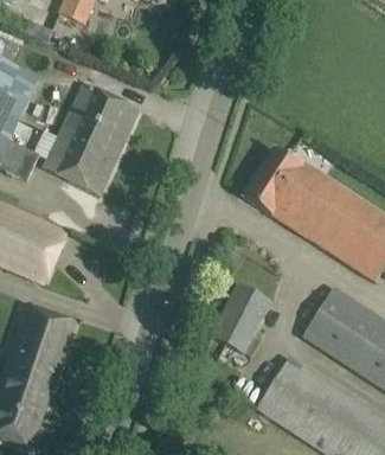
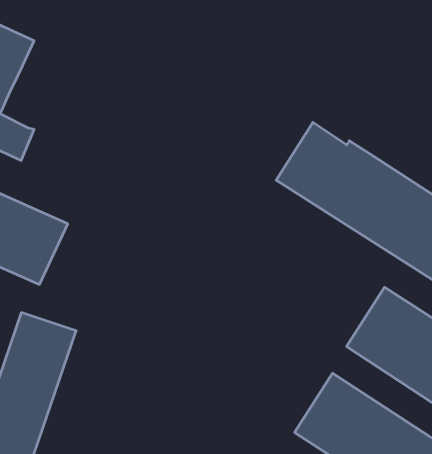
building: [33,83,139,196] -> none
building: [211,284,269,352] -> none

